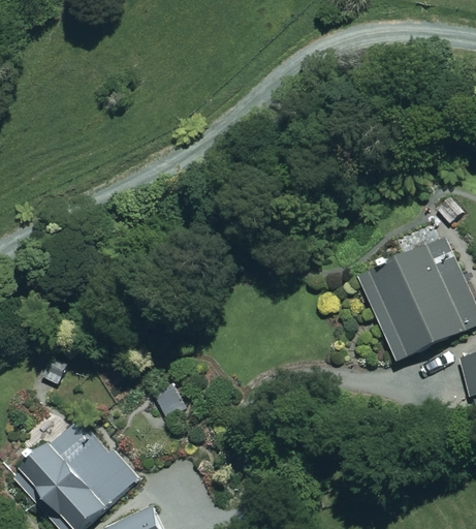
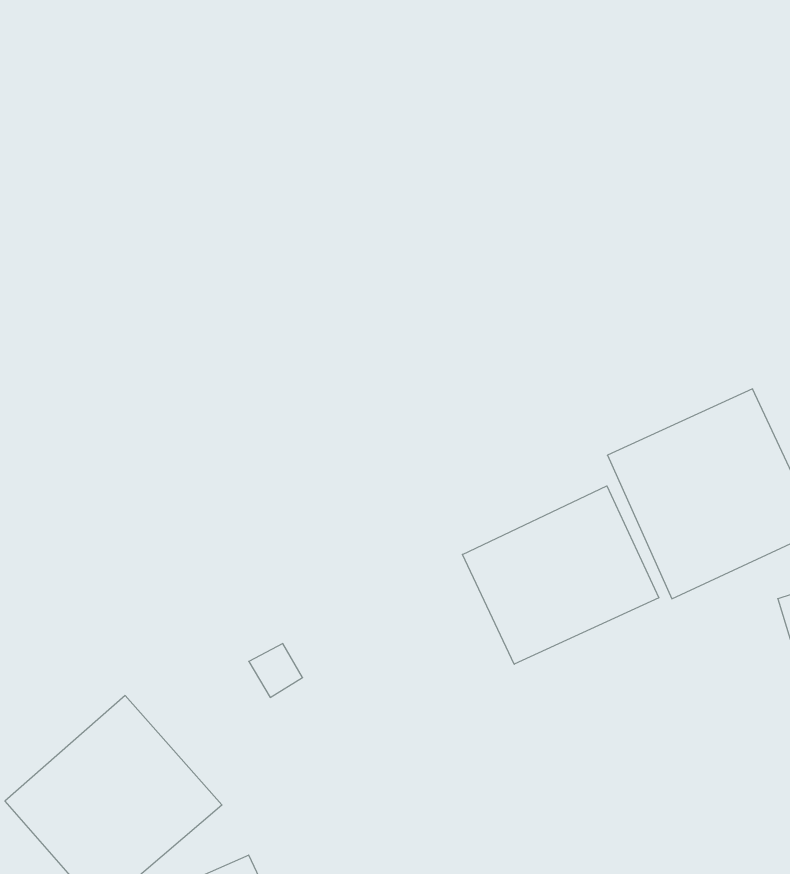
building: none -> [462,486,659,664]

